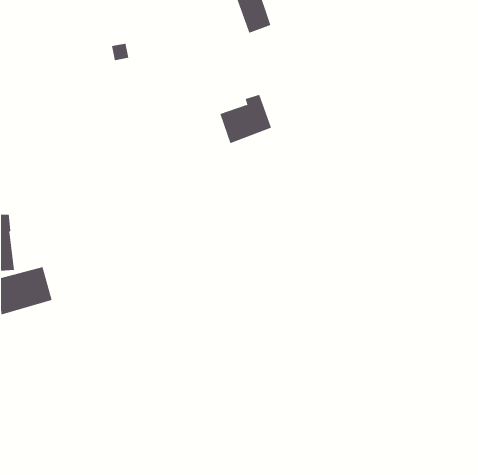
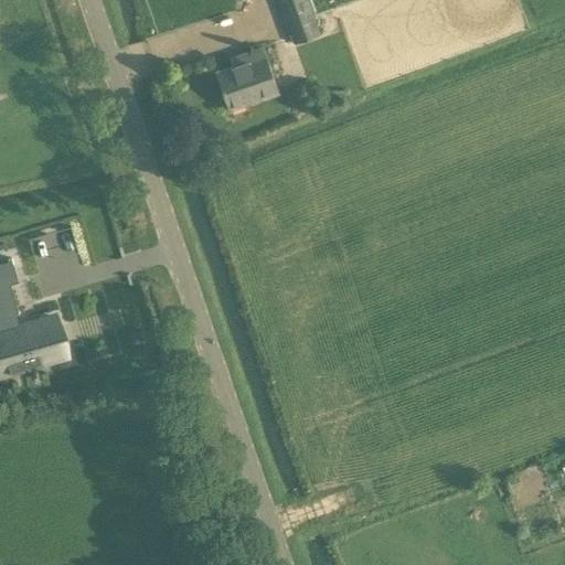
building: [220,94,272,144] -> [217,54,279,113]

